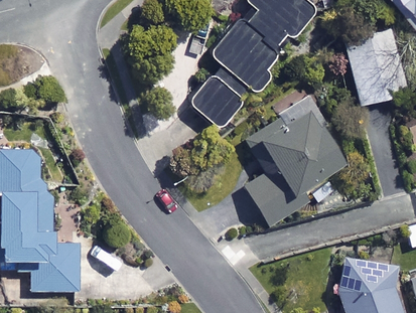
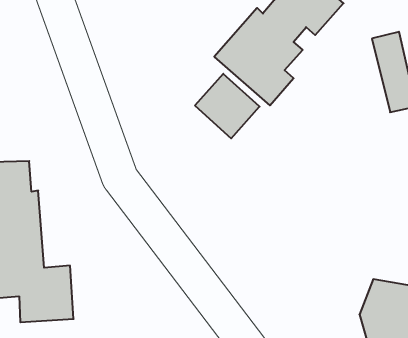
building: [243,105,341,226] -> none

